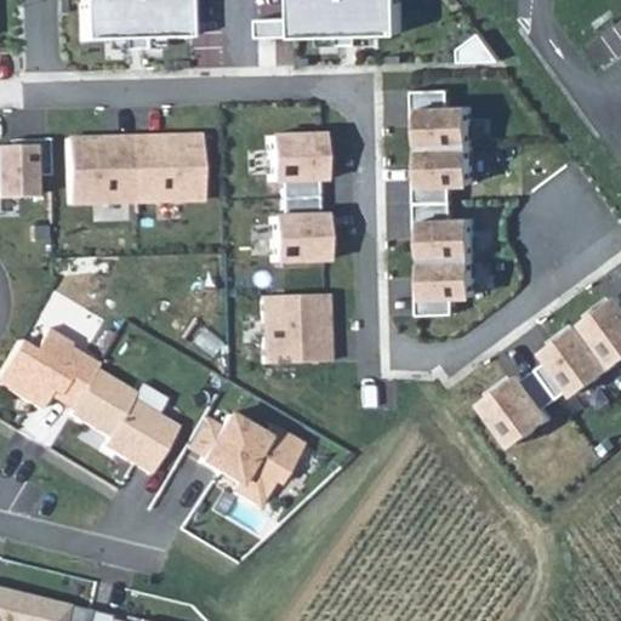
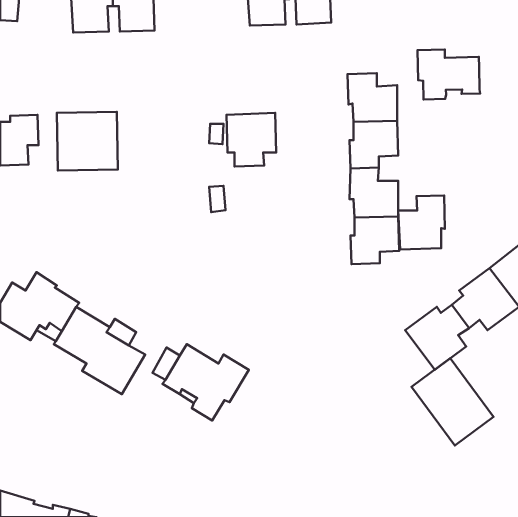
building: none -> [418,50,480,99]
building: [141,132,205,203] -> none
building: [274,198,334,262] -> none
building: none -> [398,196,445,249]
building: [262,291,332,364] -> none
building: none -> [412,358,494,445]

